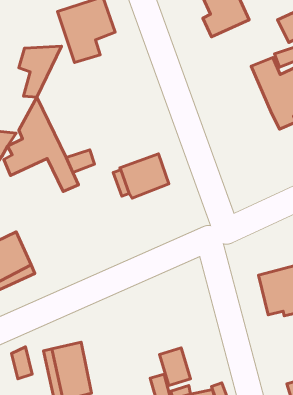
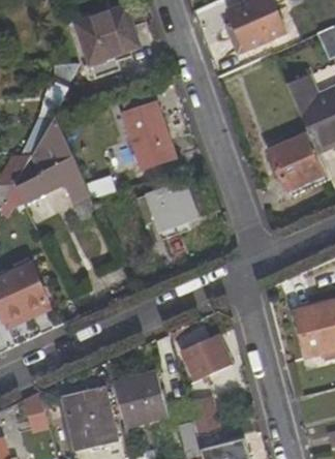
building: none -> [122,100,175,166]
building: none -> [268,132,328,190]
building: none -> [182,334,231,381]
building: none -> [114,372,169,426]

